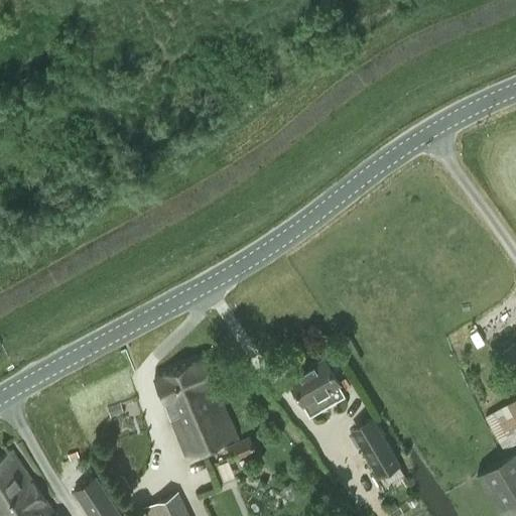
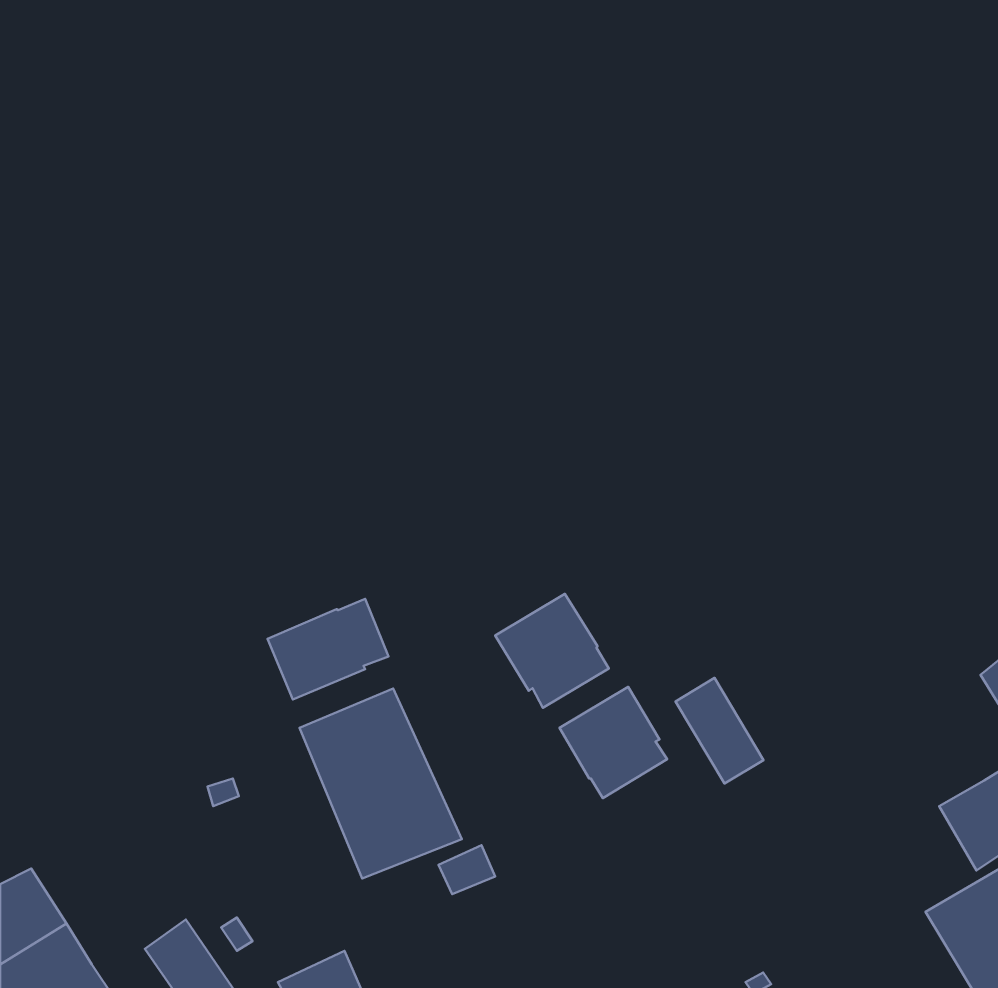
building: none -> [495,594,609,708]
building: none -> [268,599,389,699]
building: [355,425,400,480] -> [675,678,764,784]

